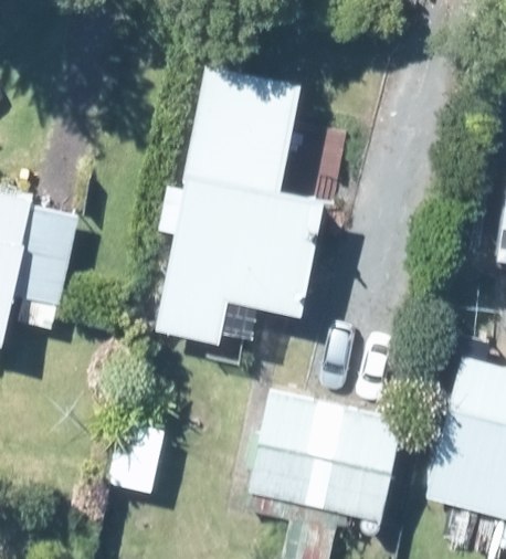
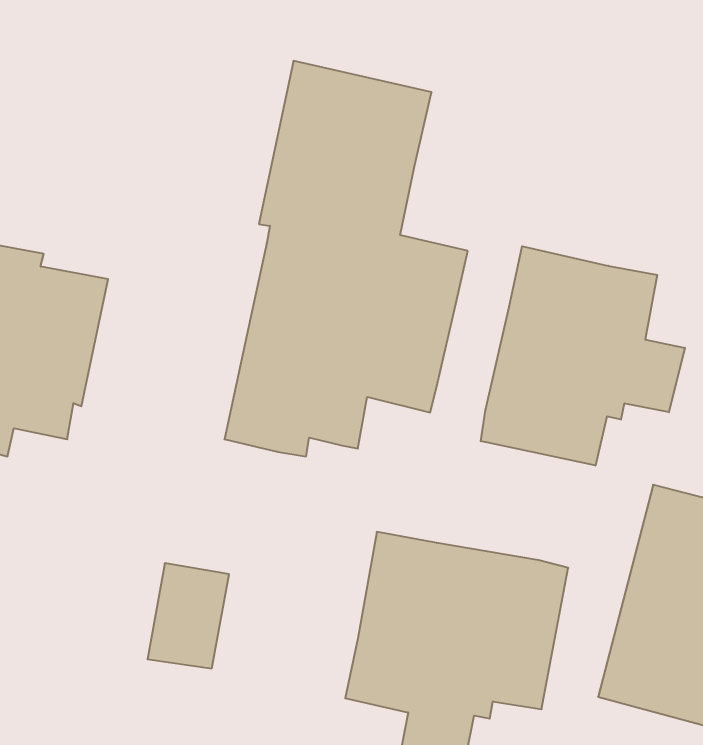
building: none -> [481,246,685,466]

